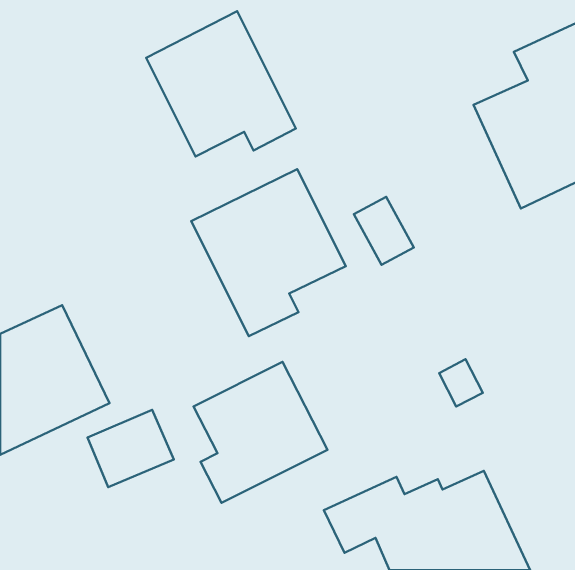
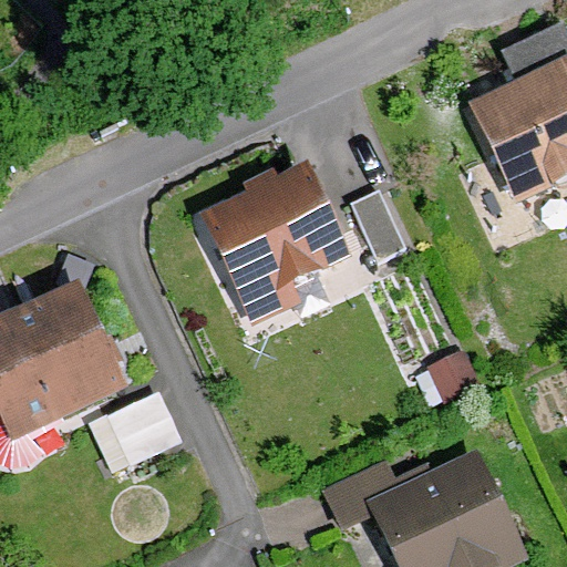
building: [146,11,296,157] -> none
building: [193,362,328,503] -> none

